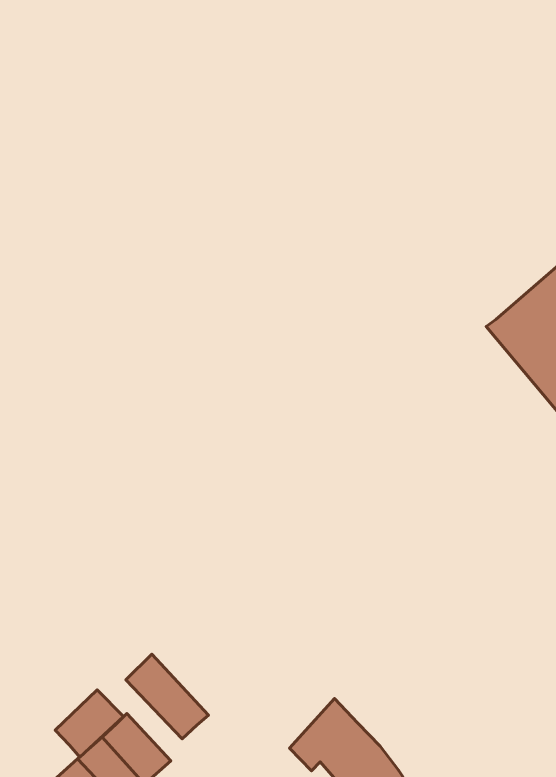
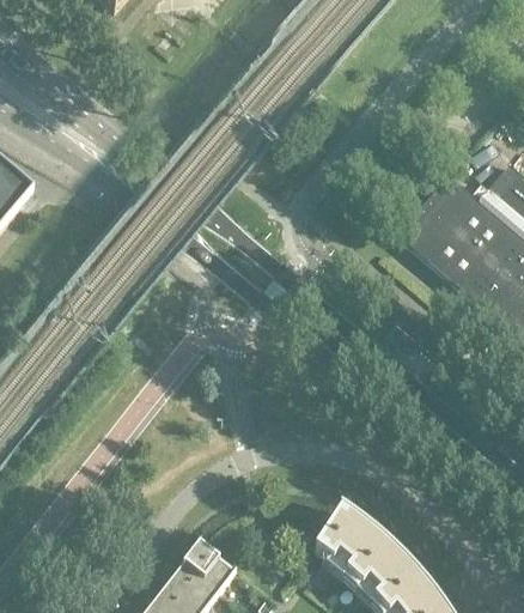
building: [126,654,208,739] -> none
building: [55,690,123,757] -> none

